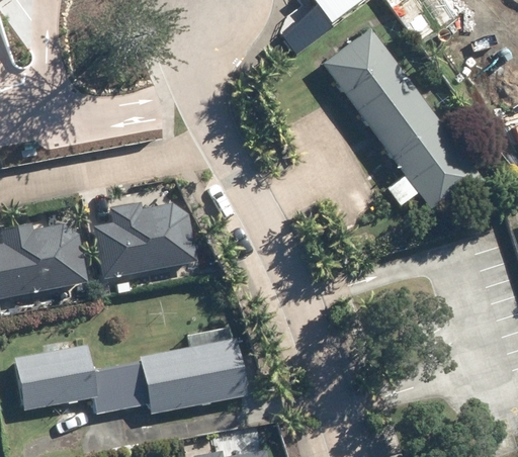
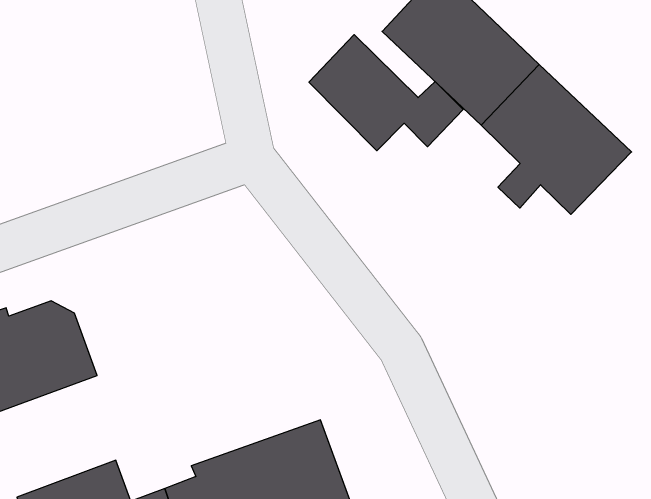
building: none -> [309,35,463,151]
building: [91,202,195,279] -> none

